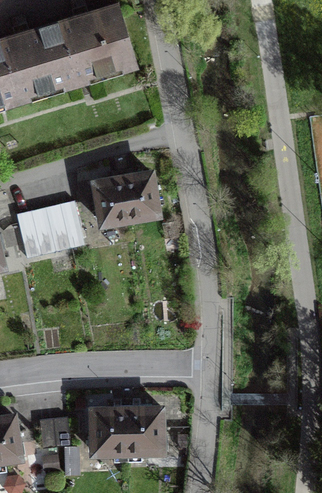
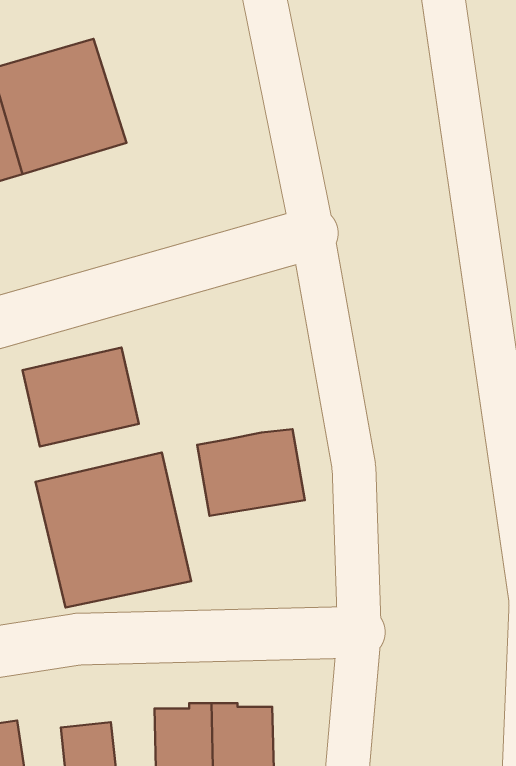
building: [58,6,136,84] -> none
building: [96,175,158,225] -> [197,429,305,516]
building: none -> [36,452,191,608]

